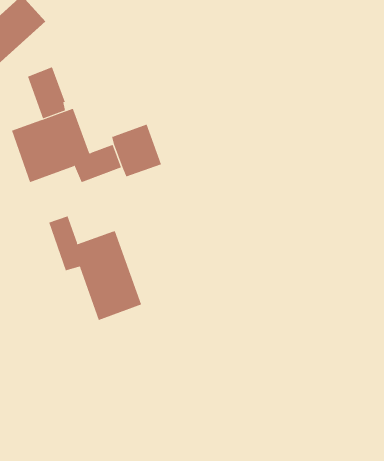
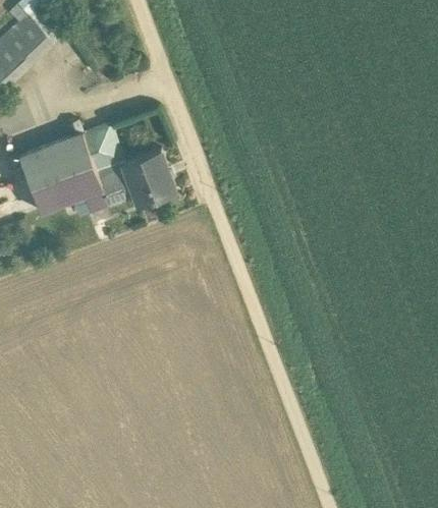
building: [27,67,66,119] -> [79,125,120,180]
building: [48,215,142,321] -> none

